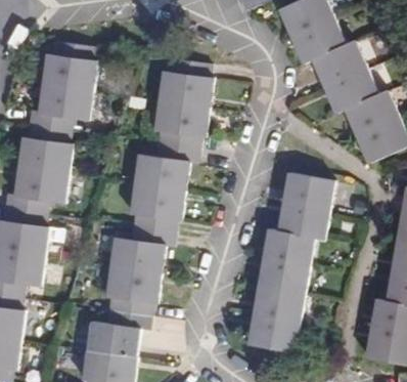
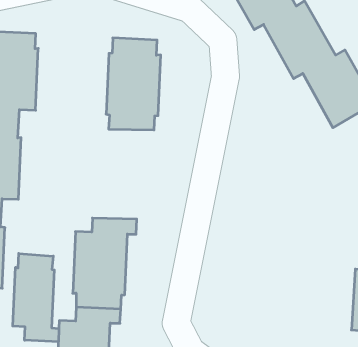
building: [130,144,198,232] -> none
building: [248,174,332,352] -> none
building: none -> [13,253,59,342]

